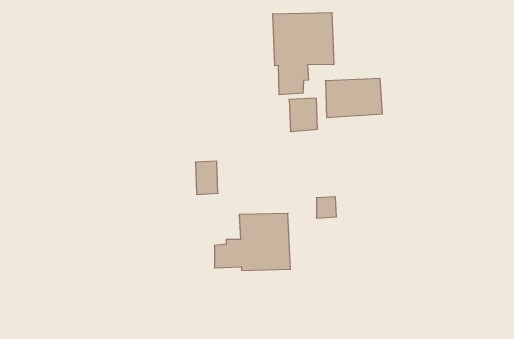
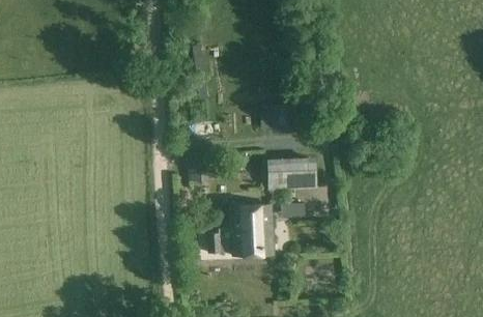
building: [273,13,334,95] -> none
building: [325,78,382,118] -> [266,157,316,192]

